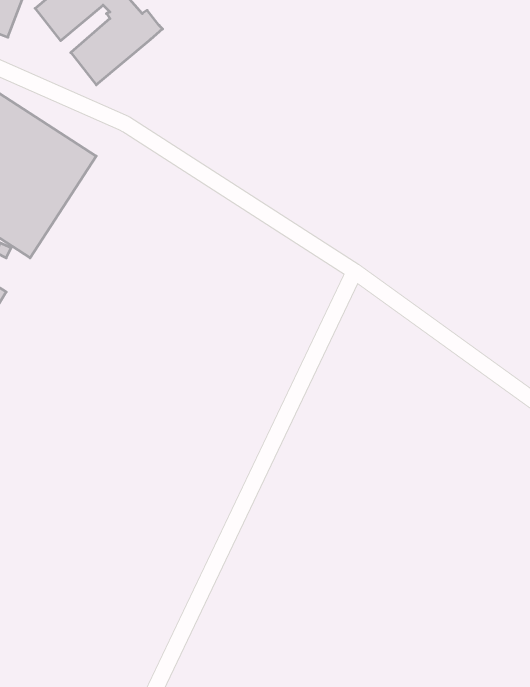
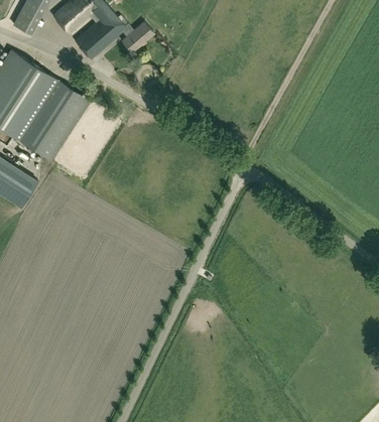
building: none -> [121,21,154,52]

